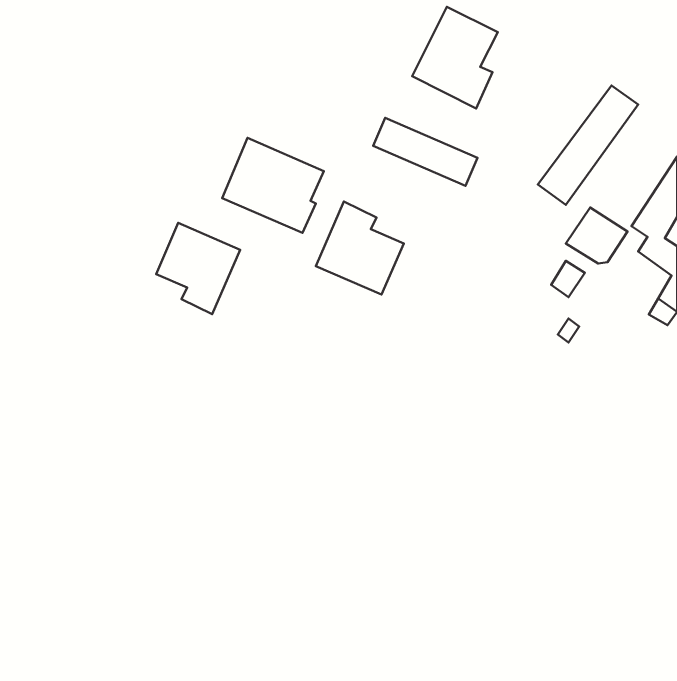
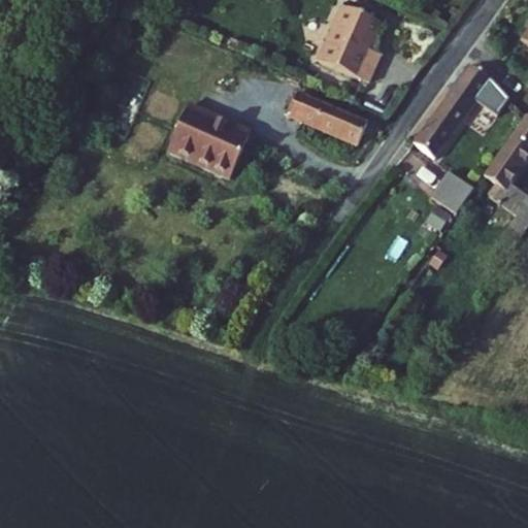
building: [316,202,404,295] -> none
building: [156,223,240,314] -> none

